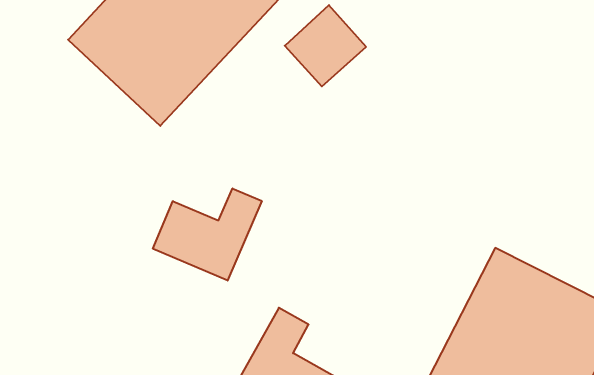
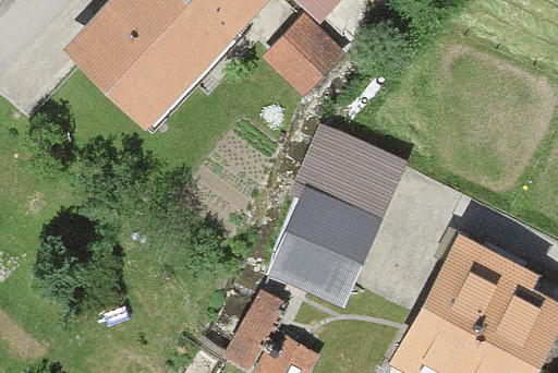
building: none -> [270,131,395,304]
building: [153,188,262,281] -> none

